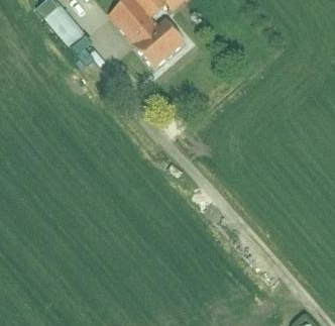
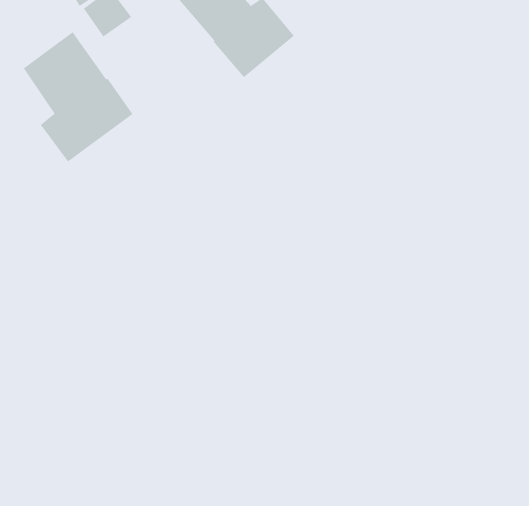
building: none -> [23,31,133,163]

